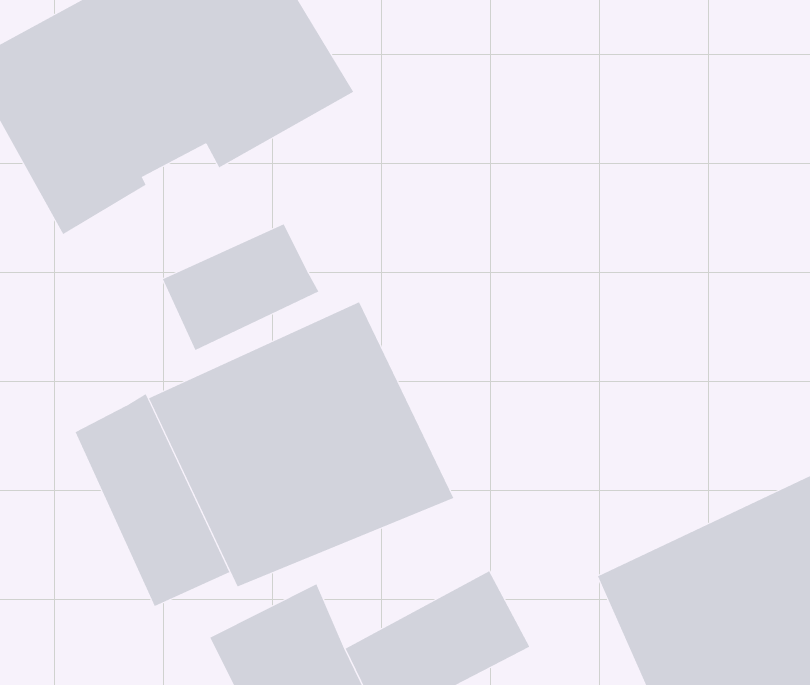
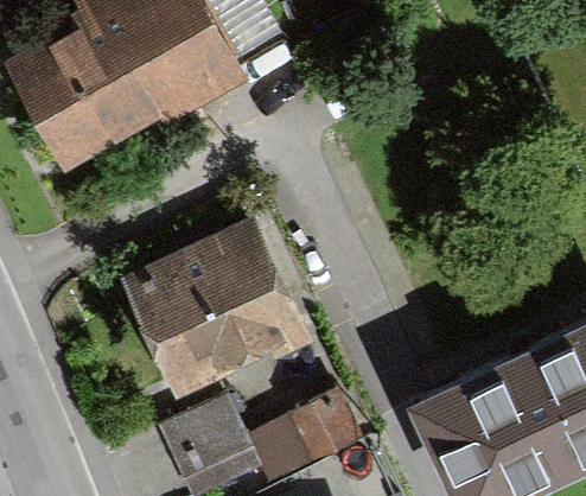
building: [162,223,319,351] -> none
building: [75,393,230,607] -> none

